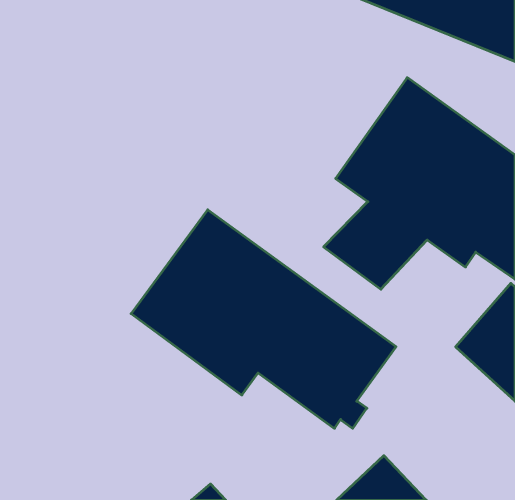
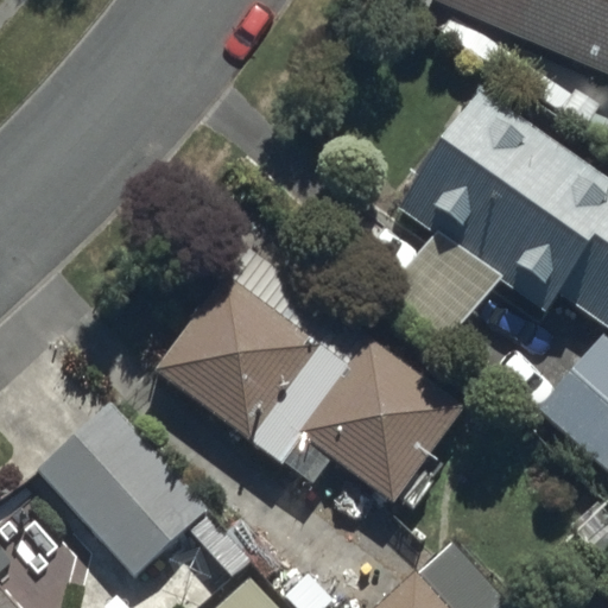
building: none -> [36,399,210,577]

